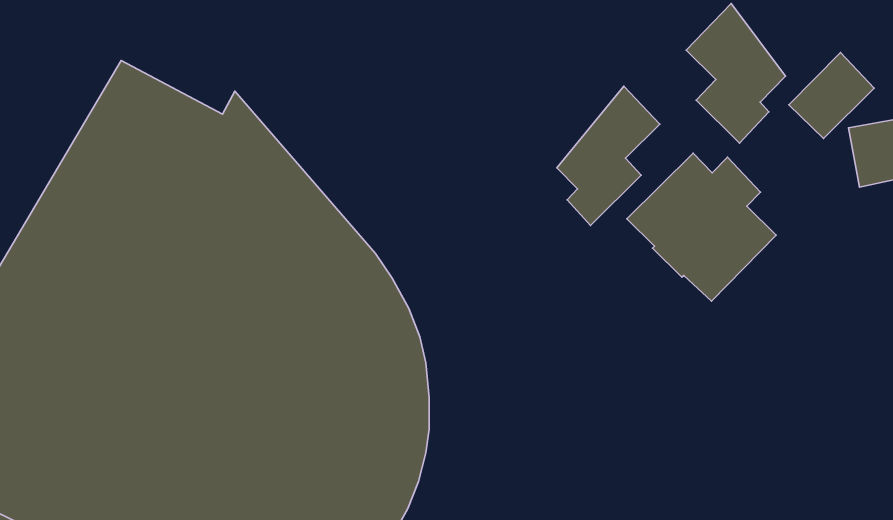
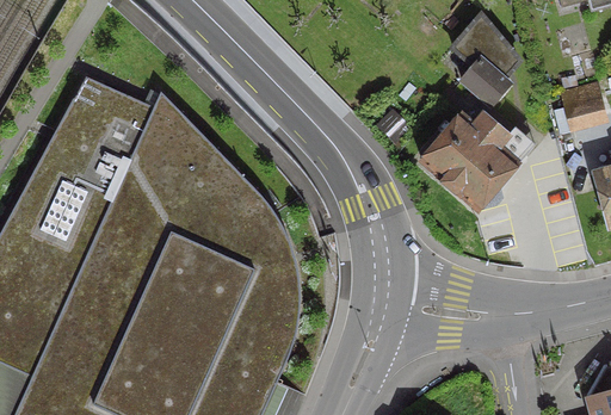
building: [789,53,874,139] -> none
building: [557,86,660,225] -> none

